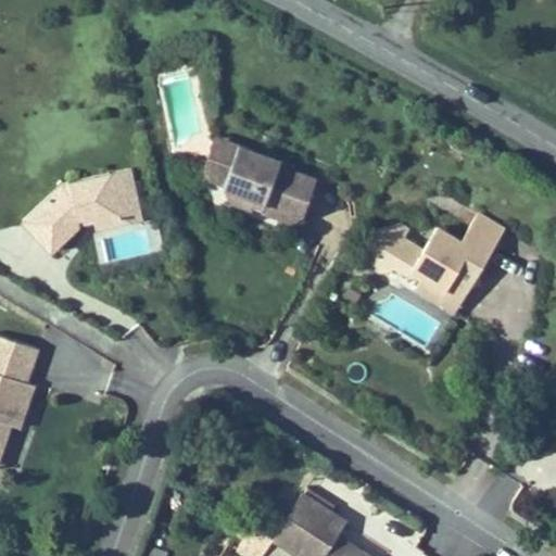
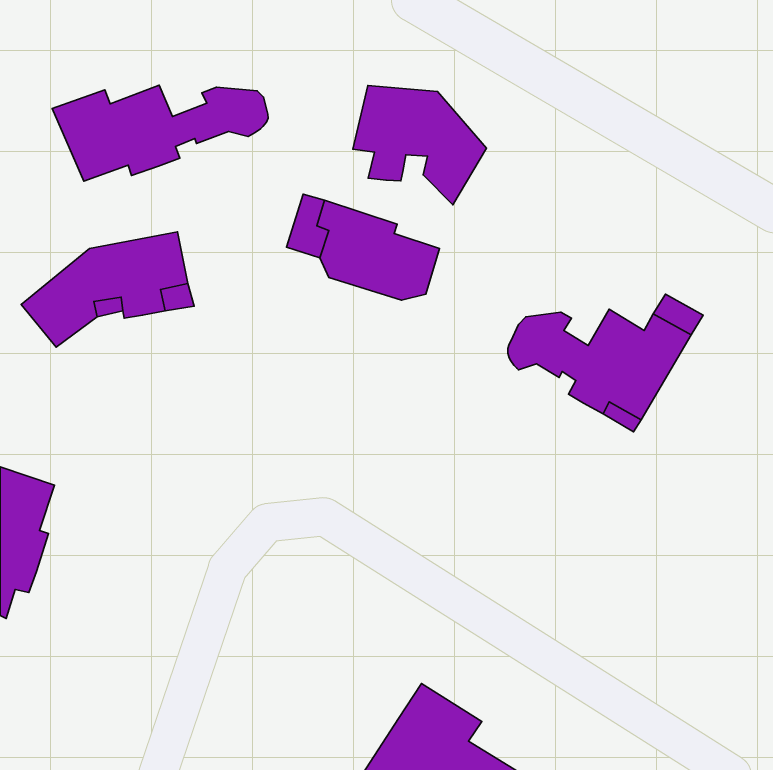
building: none -> [52,85,268,181]
building: none -> [353,85,486,205]

